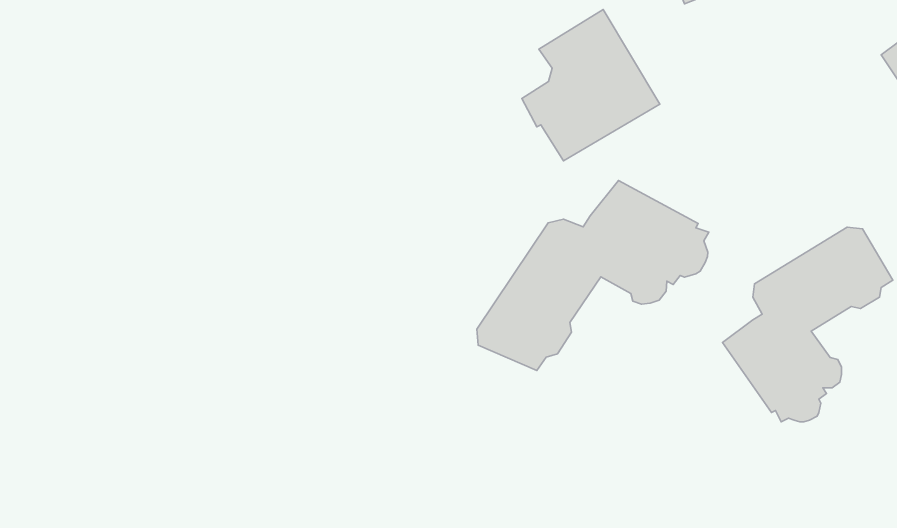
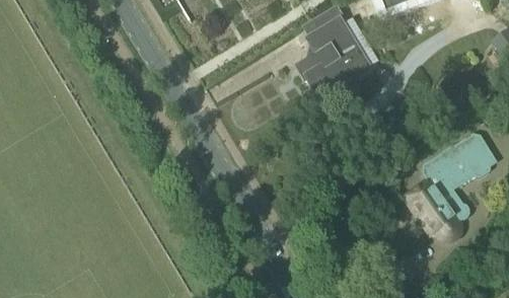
building: [477,181,709,370] -> none

